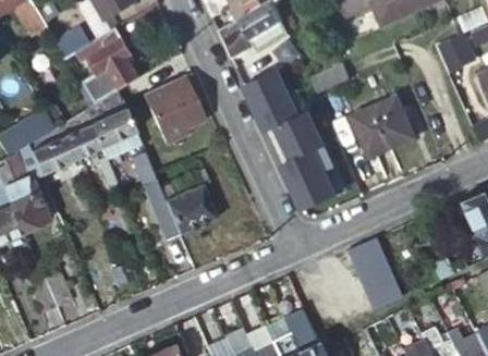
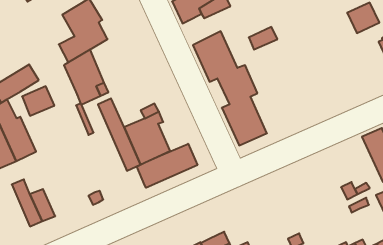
building: [143,73,206,145] -> none
building: [351,97,413,156] -> none
building: [28,111,99,161] -> none
building: none -> [137,144,197,188]
building: [345,236,400,309] -> none

